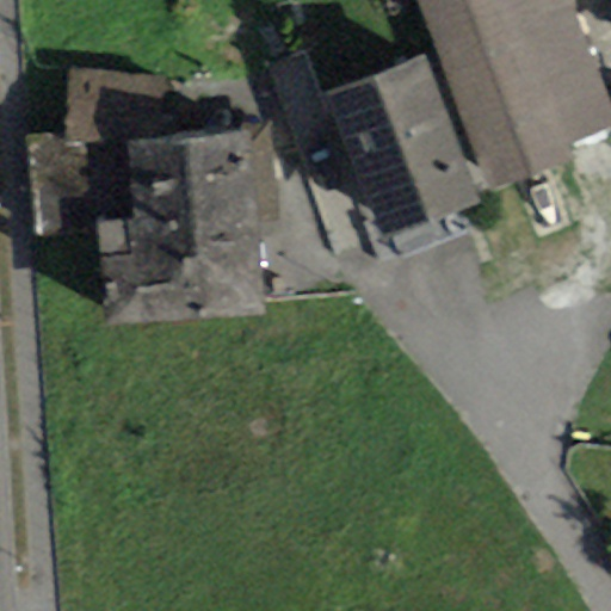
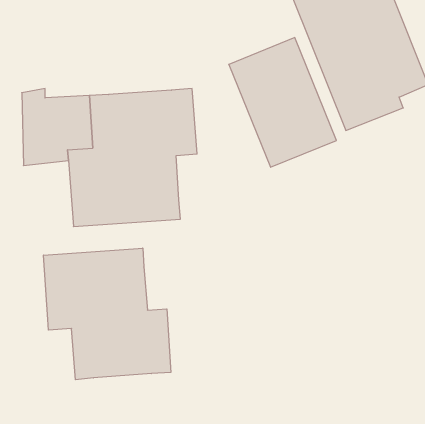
building: [67,66,166,140] -> none
building: none -> [44,248,171,380]

